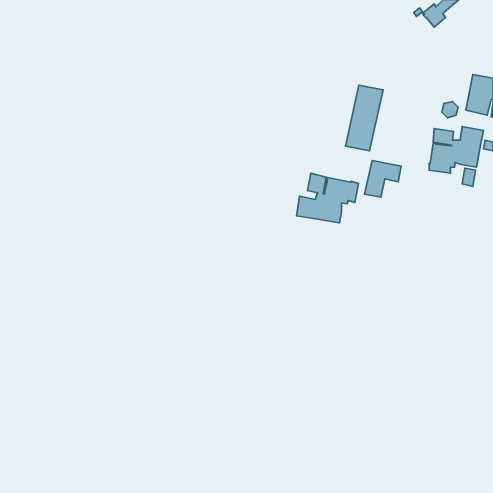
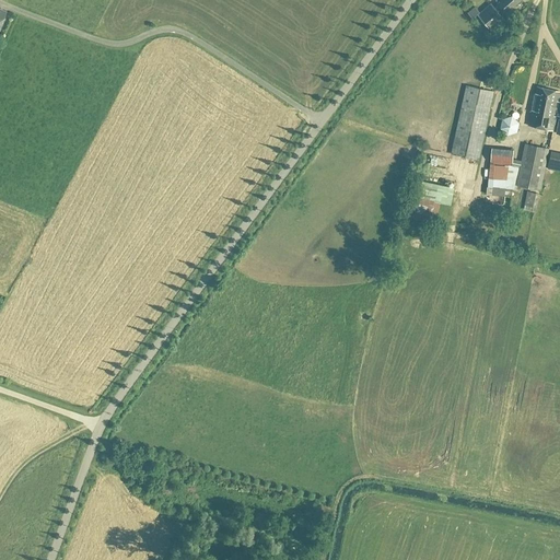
building: [345,85,383,151] -> [450,83,492,158]
building: [297,173,359,223] -> none

